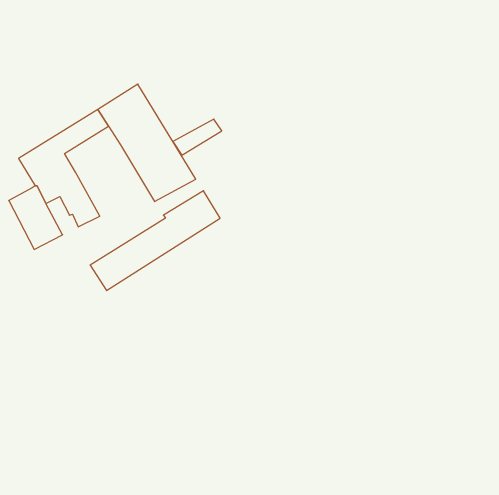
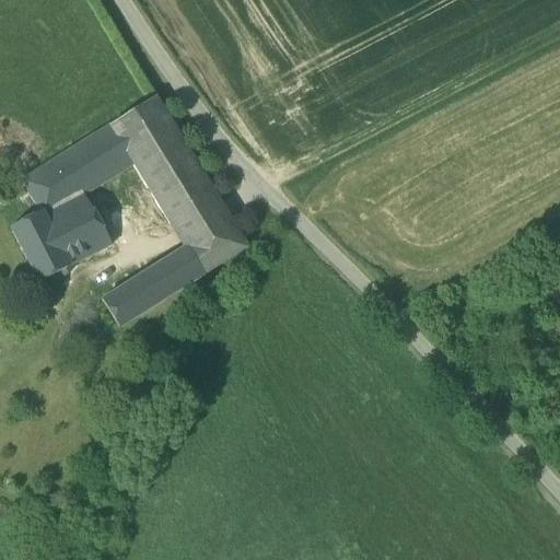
building: [173,119,222,155] -> [174,200,229,241]
building: none -> [73,141,136,192]
building: none -> [52,220,89,262]

